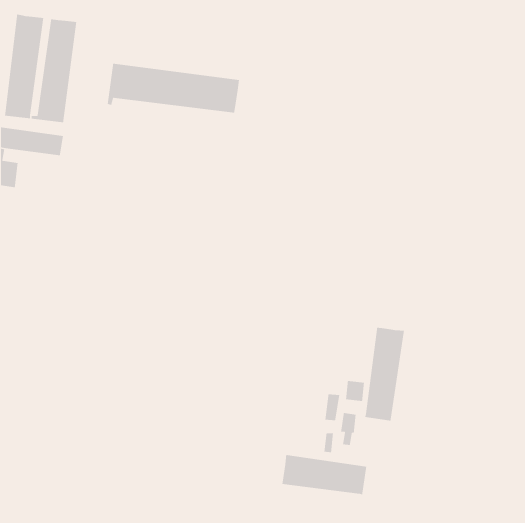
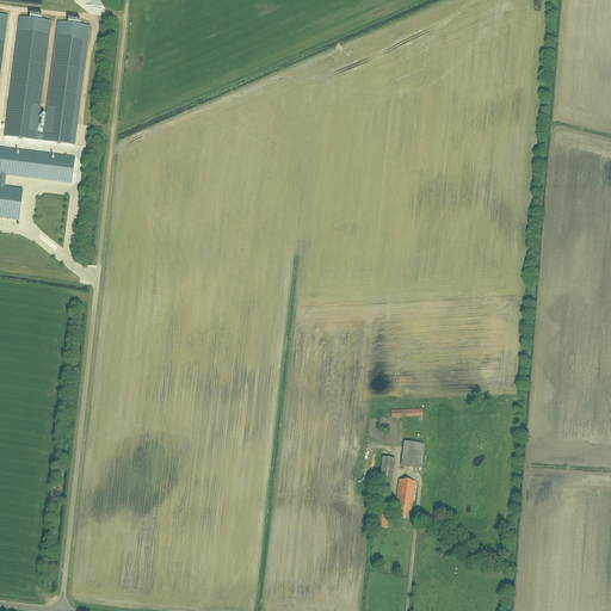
building: [107,63,240,113] -> none
building: [364,327,405,421] -> none
building: [281,454,367,496] -> none

